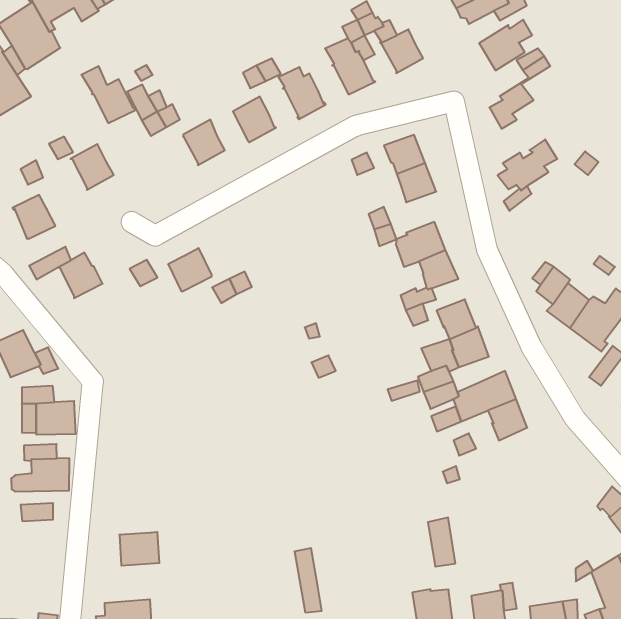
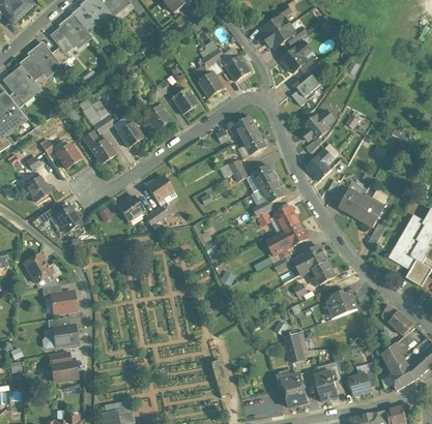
building: [81,66,135,123] -> [82,131,115,163]
building: none -> [305,147,333,180]
building: none -> [146,175,175,202]
building: none -> [324,291,356,317]
building: [119,532,159,566] -> [51,359,76,381]

